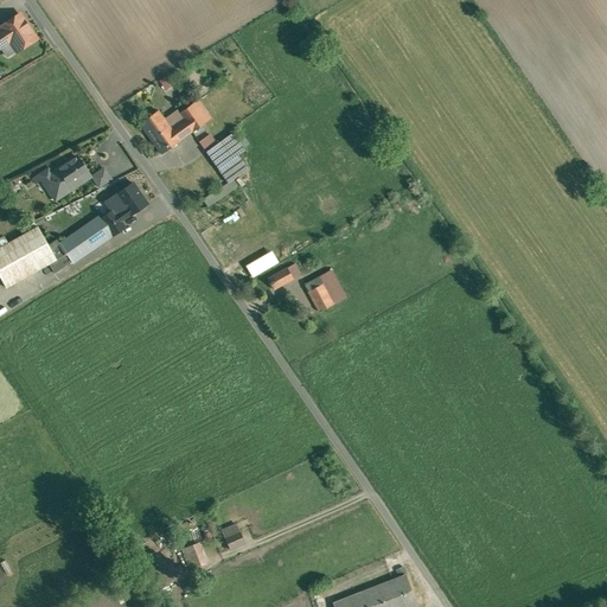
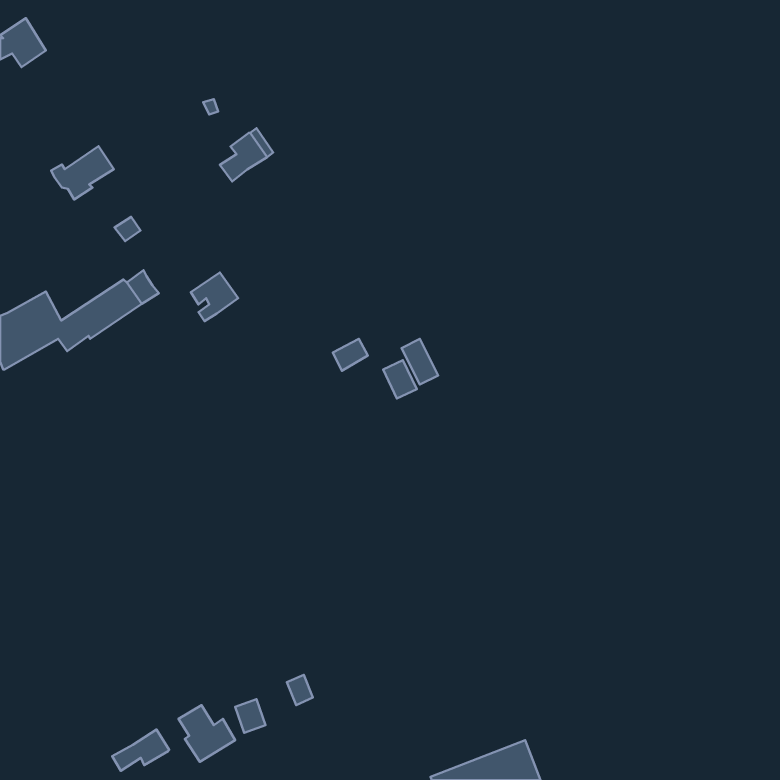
building: [140,110,180,154] -> none
building: [199,135,234,170] -> none
building: [38,156,87,198] -> [51,146,114,200]
building: [108,184,145,222] -> [191,272,238,321]
building: none -> [112,729,169,771]

